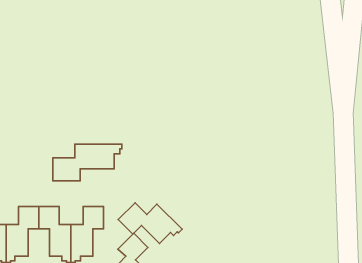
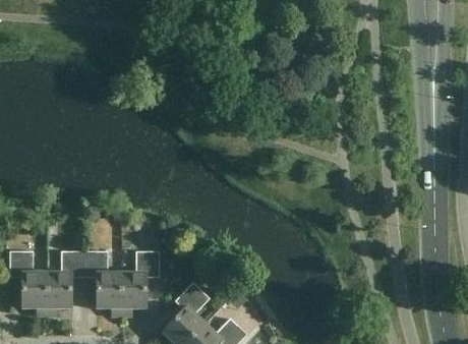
building: [53,144,122,181] -> none
building: [118,203,182,243] -> none

